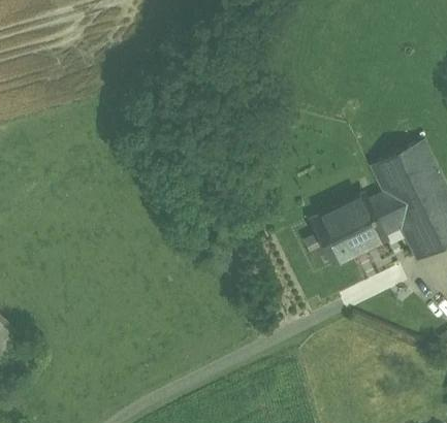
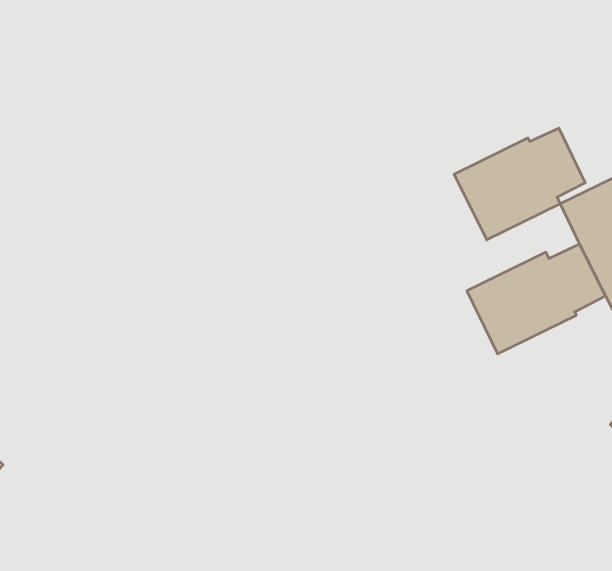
building: none -> [454,128,585,240]

